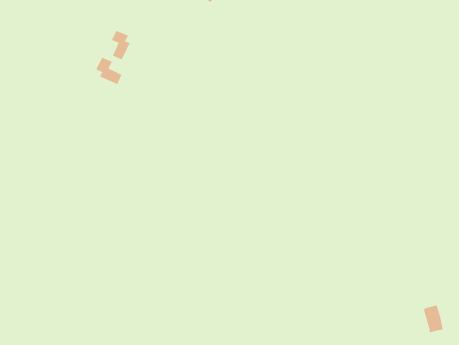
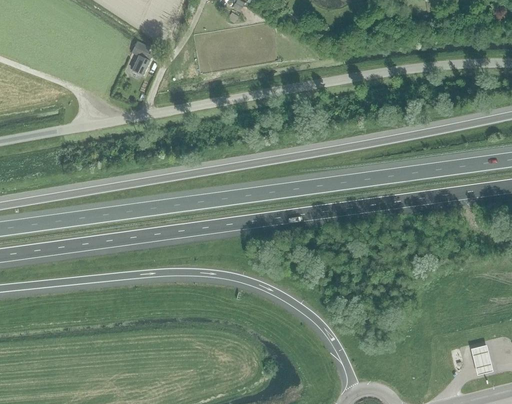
building: [96,57,122,85] -> none

